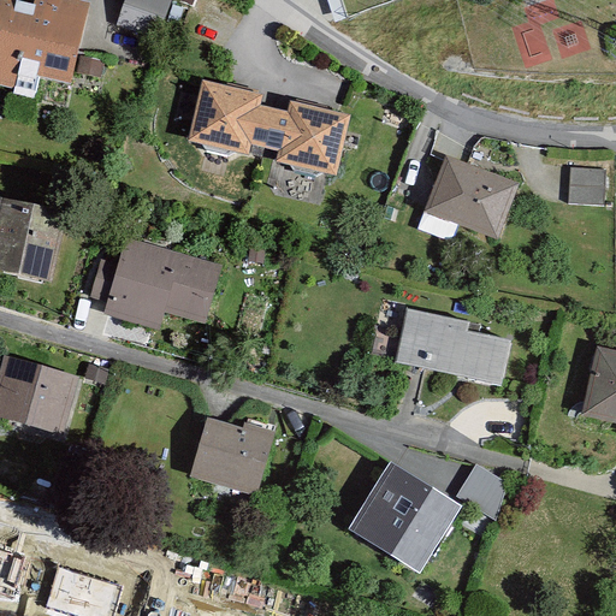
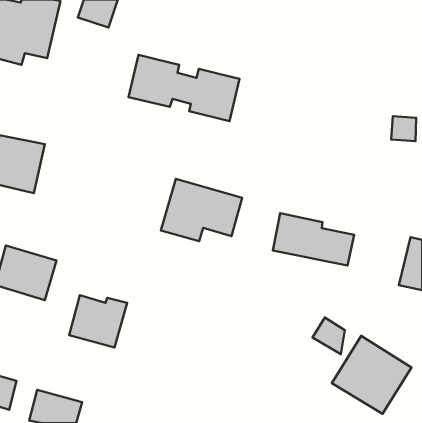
building: [422,154,516,237] -> none
building: [102,238,220,328] -> [161,179,242,241]
building: [190,419,274,494] -> [69,295,127,348]
building: [349,461,464,574] -> [332,336,412,414]

